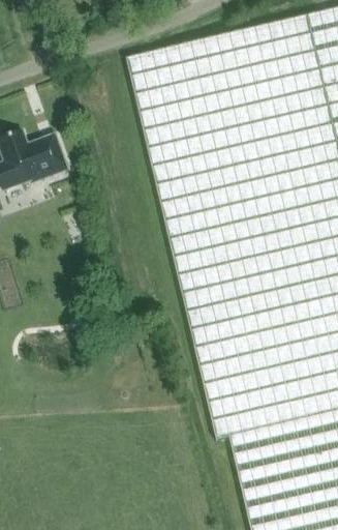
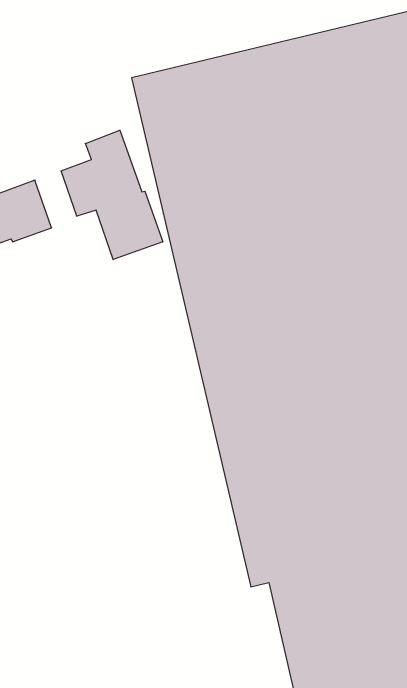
building: none -> [61,130,163,260]

